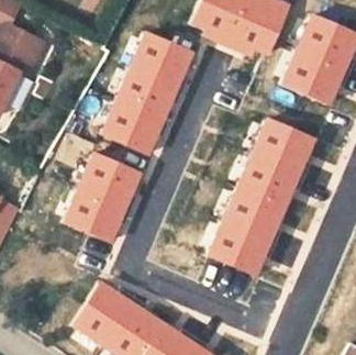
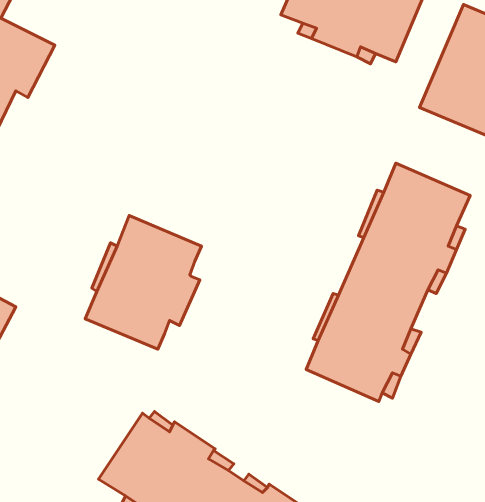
building: [102,33,191,153] -> none

